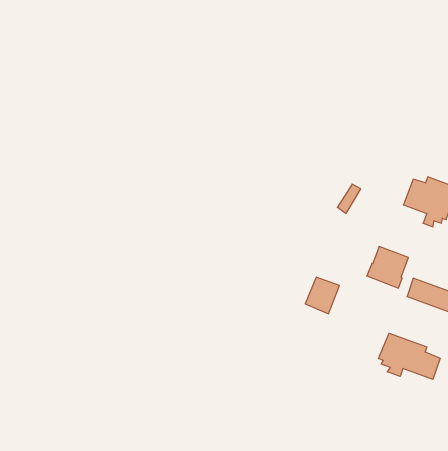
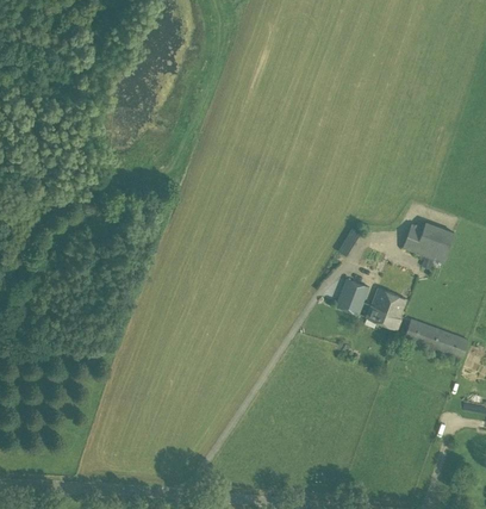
building: [305,277,339,314] -> [335,279,368,315]
building: [379,333,440,379] -> none

